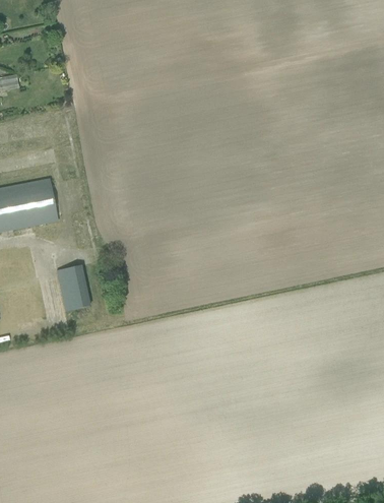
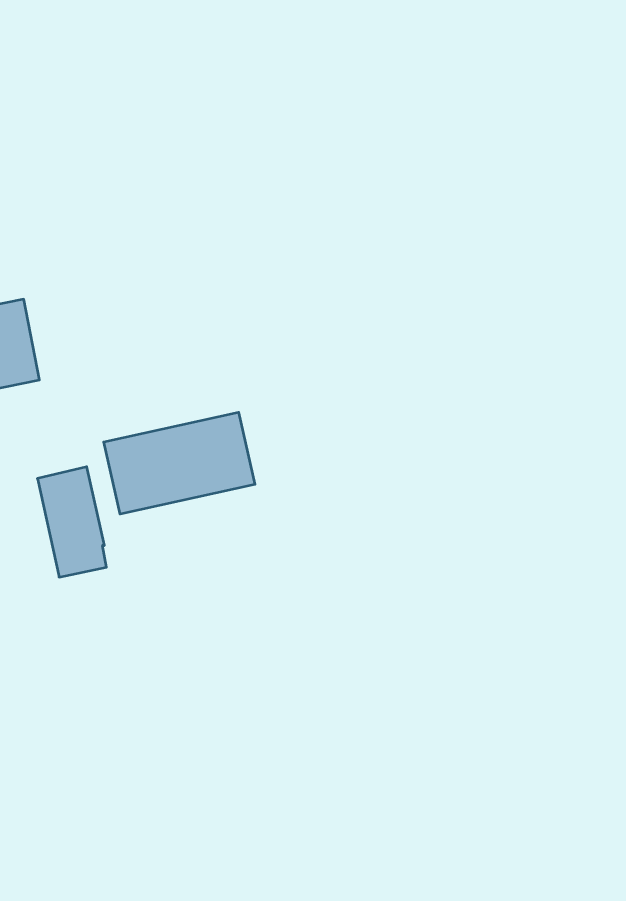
building: none -> [104,412,255,514]

